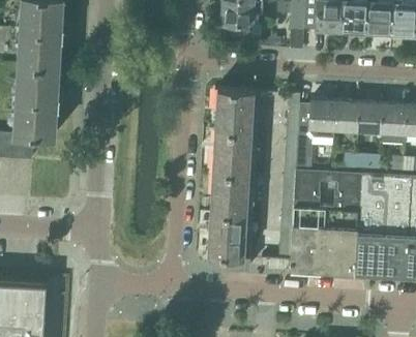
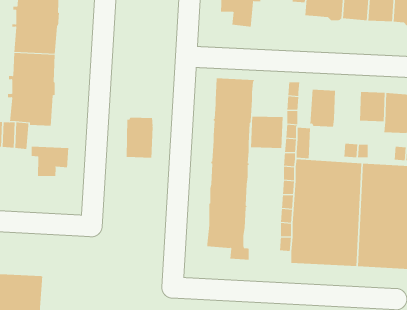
building: [334,101,359,131] -> none
building: none -> [251,116,283,149]
building: none -> [126,117,153,158]
building: none -> [31,146,69,177]

